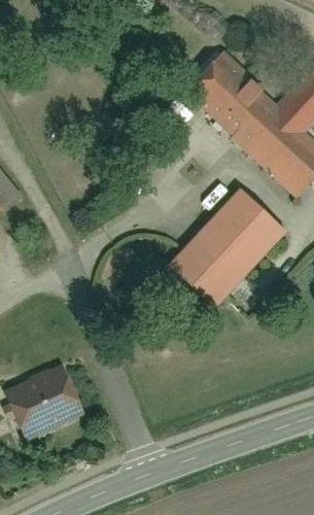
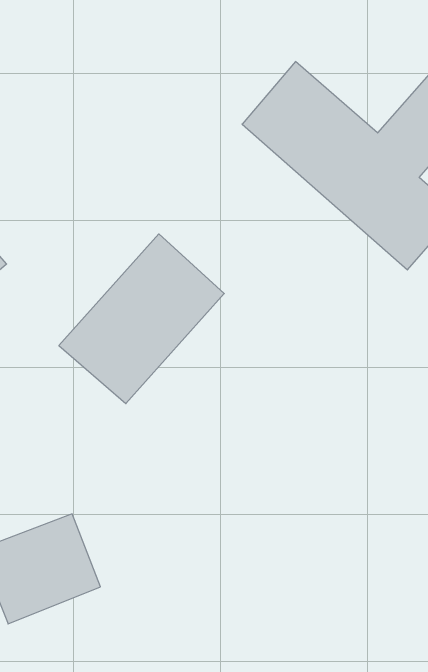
building: [171,187,285,305] -> [59,234,224,404]

